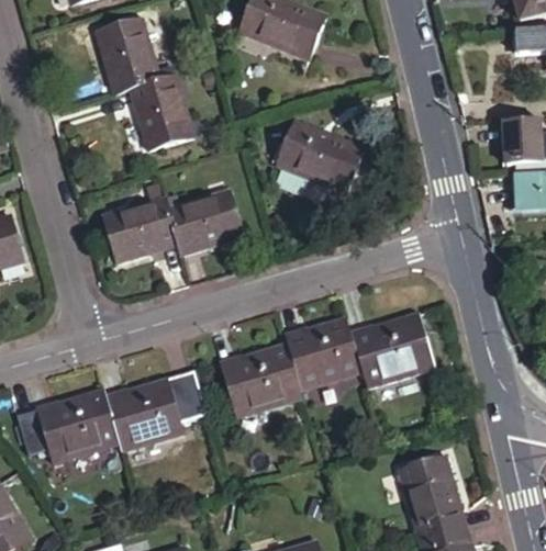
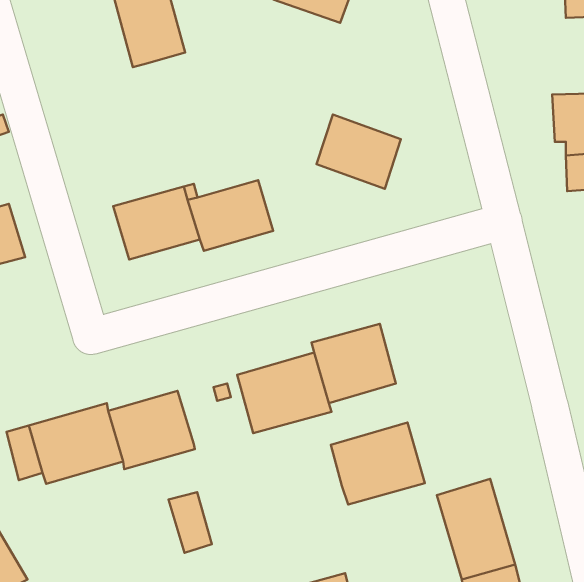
building: [137,75,202,149] -> none
building: [348,315,432,387] -> [331,423,425,504]
building: [165,371,203,425] -> [169,492,212,553]

